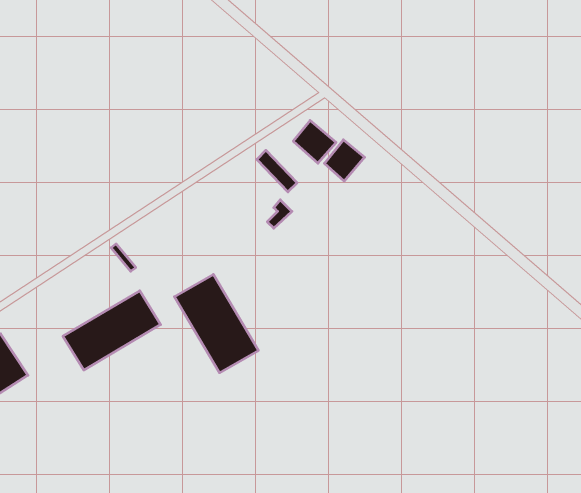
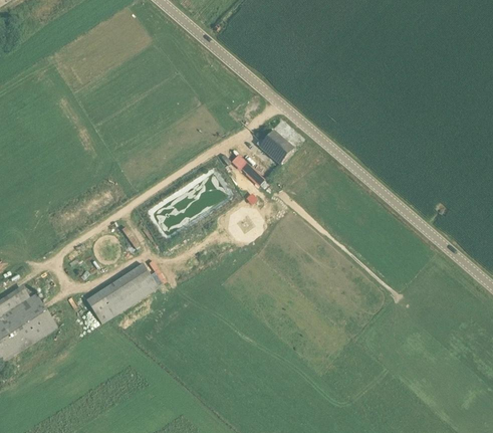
building: [324,140,365,181] -> none
building: [174,274,258,373] -> none

